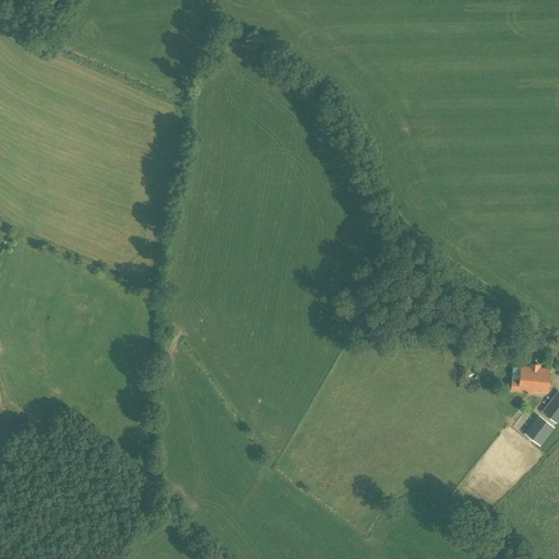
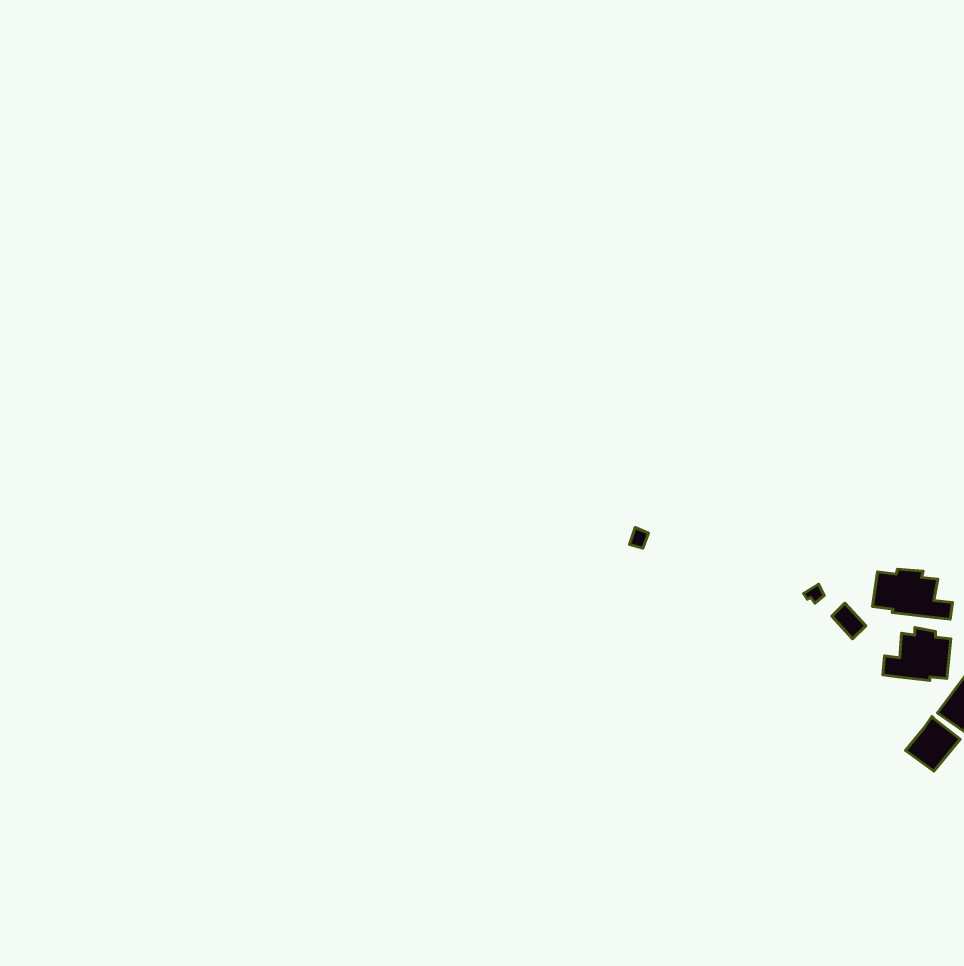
building: none -> [872,569,952,619]

